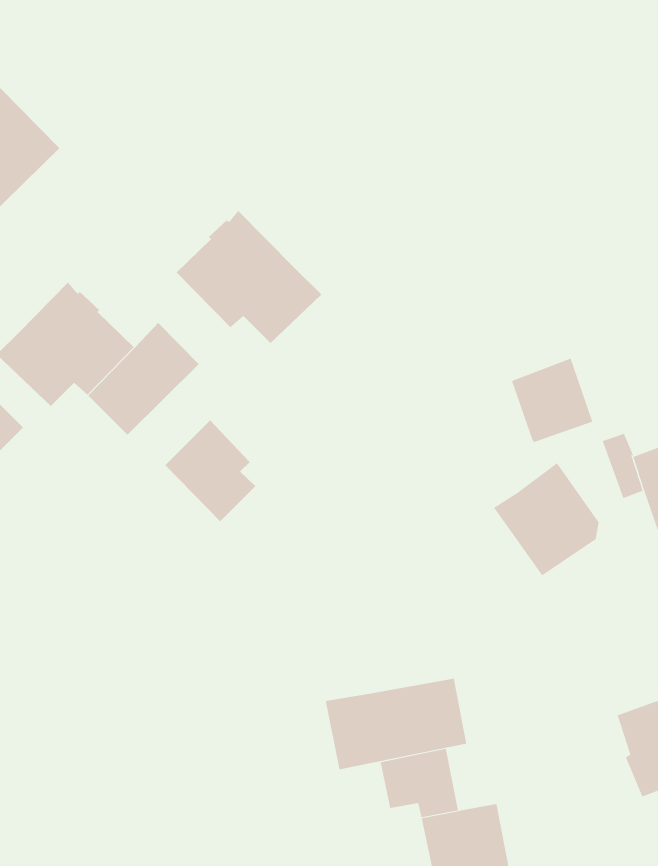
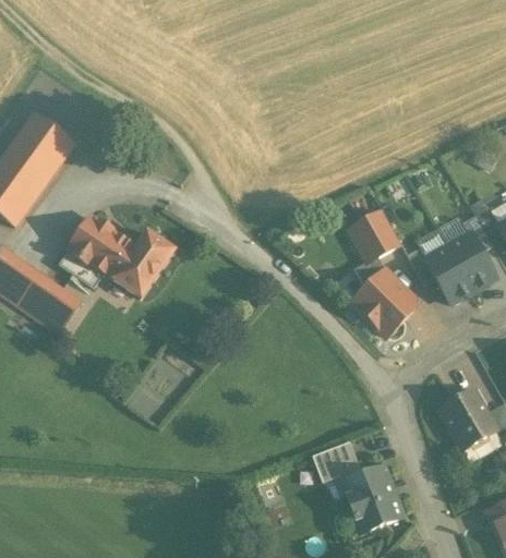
building: [176,210,322,344] -> none
building: [164,420,256,522] -> none
building: none -> [353,255,387,290]
building: [325,678,467,770] -> none

